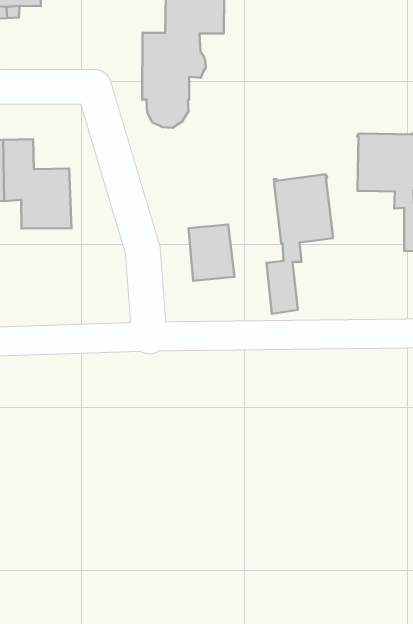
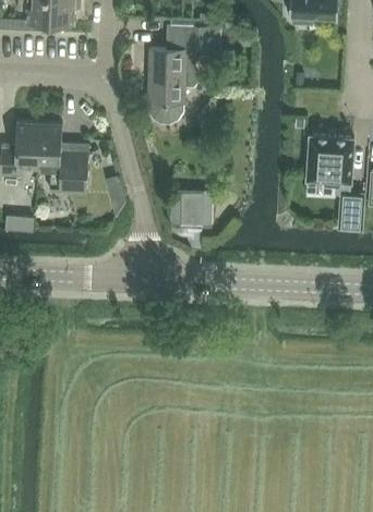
building: [267,174,333,314] -> none

